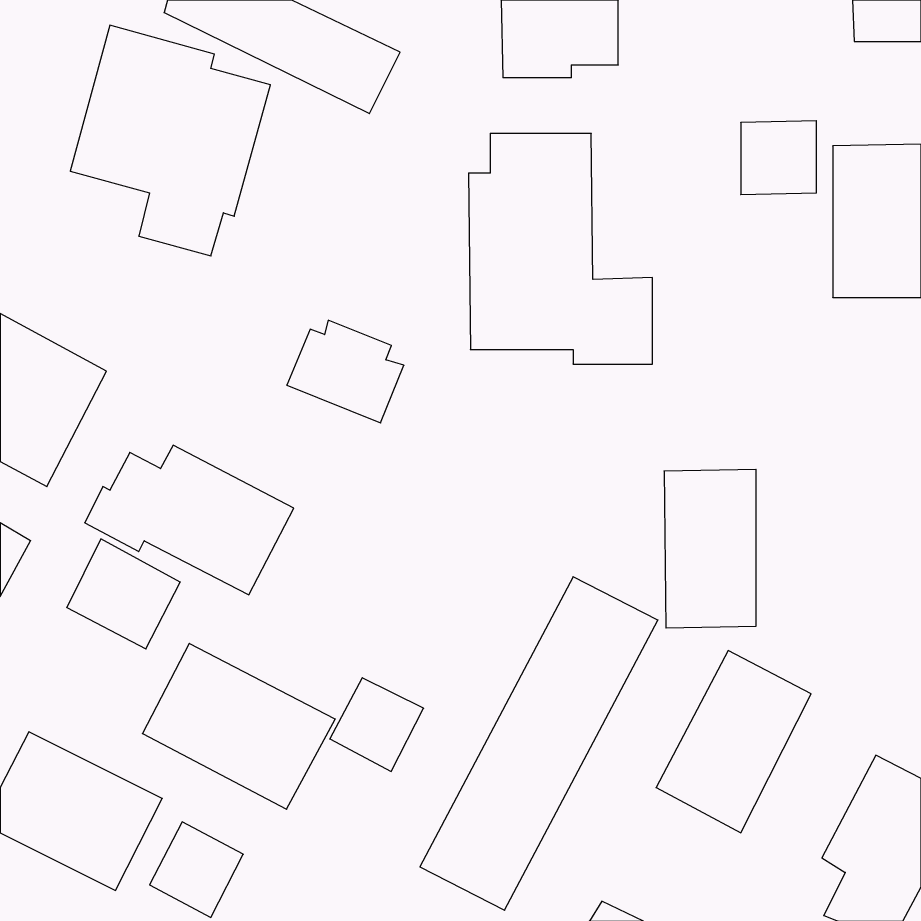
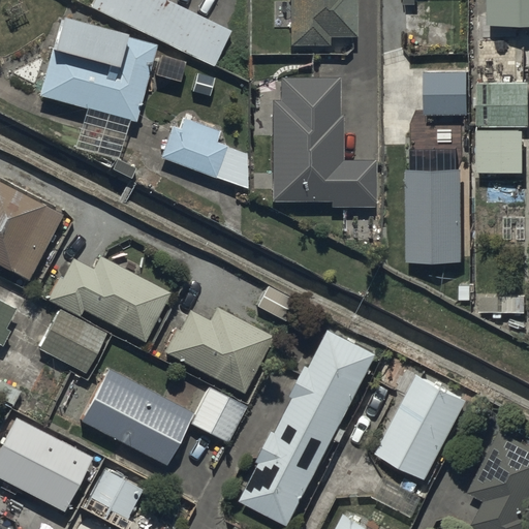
building: [287,320,404,423] -> [159,119,226,178]
building: [664,469,756,628] -> [409,167,462,258]
building: none -> [165,308,271,394]

